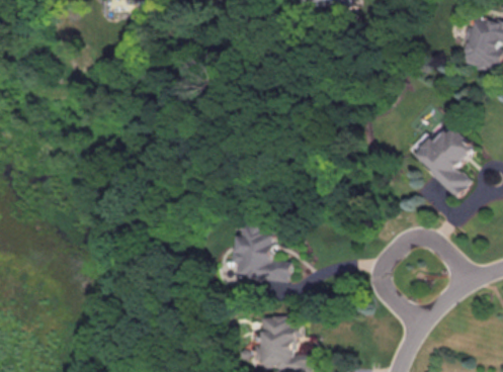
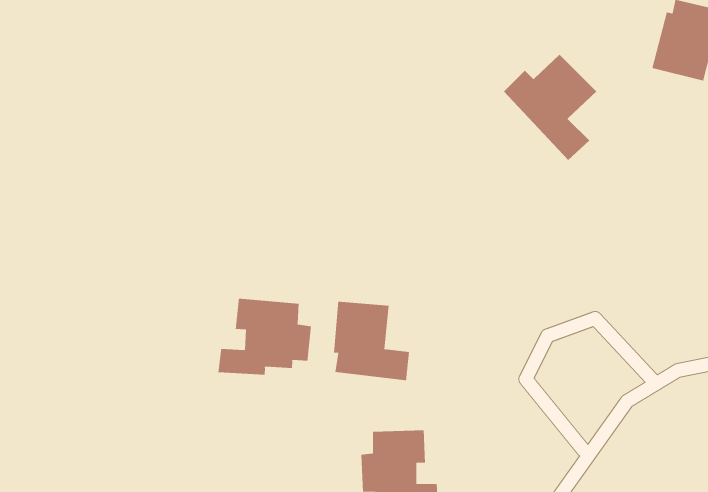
building: [407,121,473,196] -> [503,54,597,161]
building: none -> [218,298,311,376]

